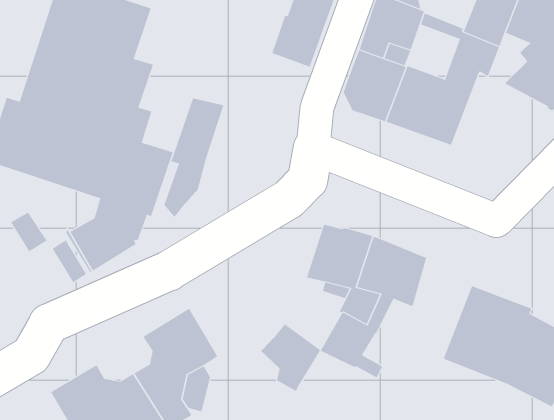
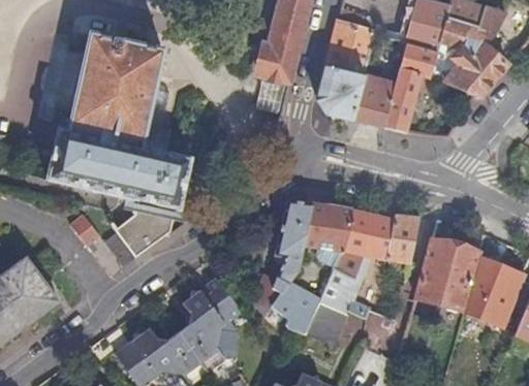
building: [164,98,224,218] -> [274,199,313,293]
building: none -> [388,215,421,263]
building: none -> [306,300,348,342]

